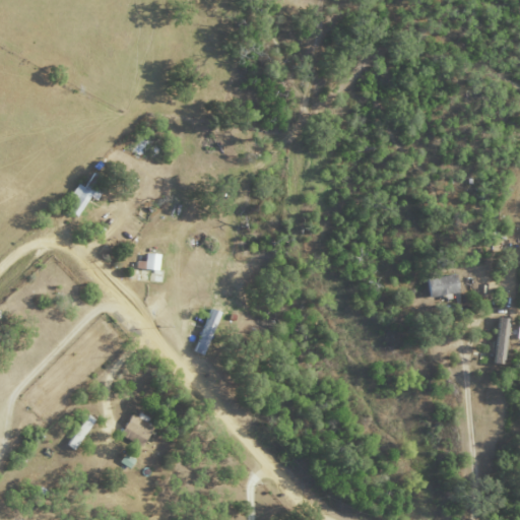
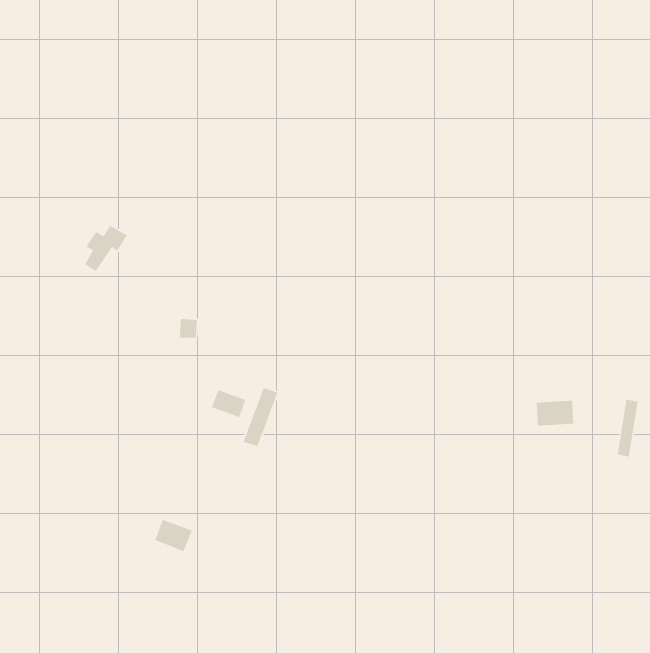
building: [429,274,459,296] -> [536,400,574,427]
building: none -> [211,389,246,418]

